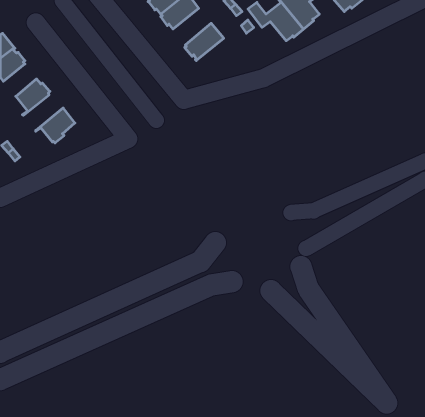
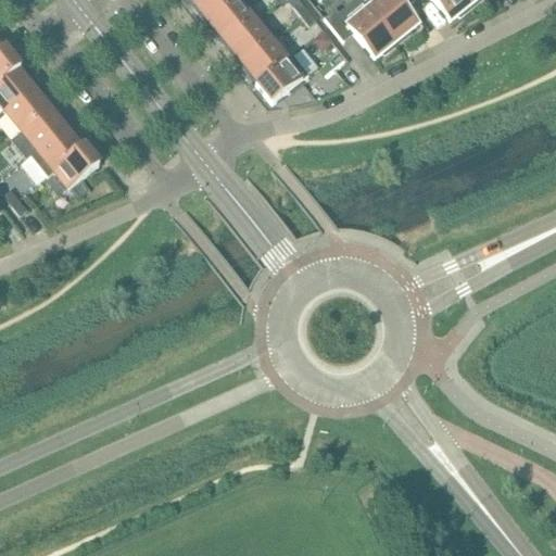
building: none -> [226,11,276,59]
building: none -> [256,50,307,99]
building: none -> [4,84,48,126]
building: none -> [30,124,83,170]

